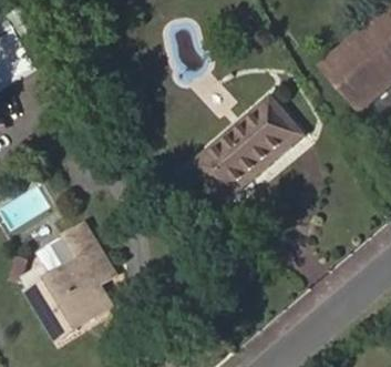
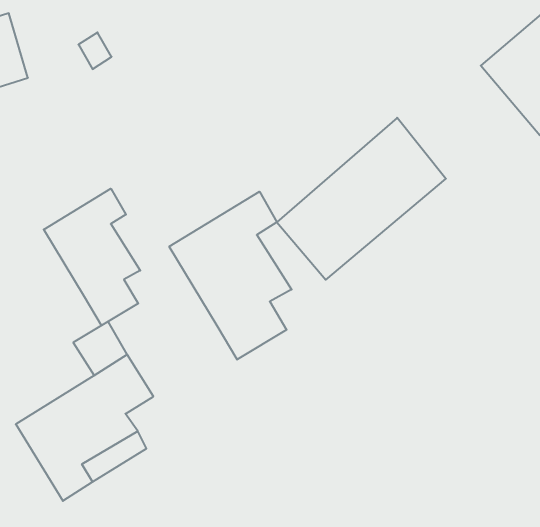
building: none -> [44,189,140,326]
building: none -> [169,192,292,360]

